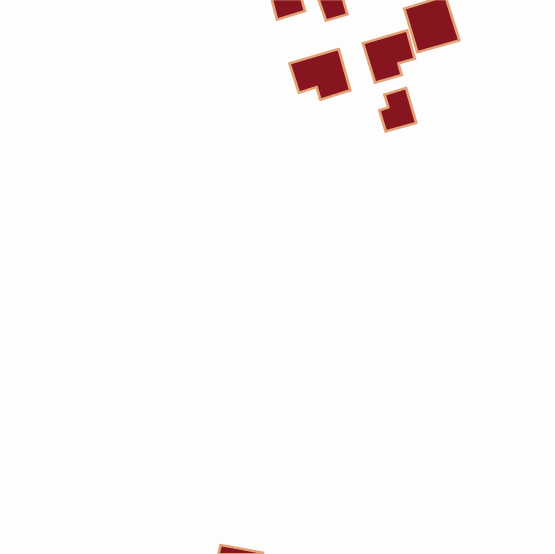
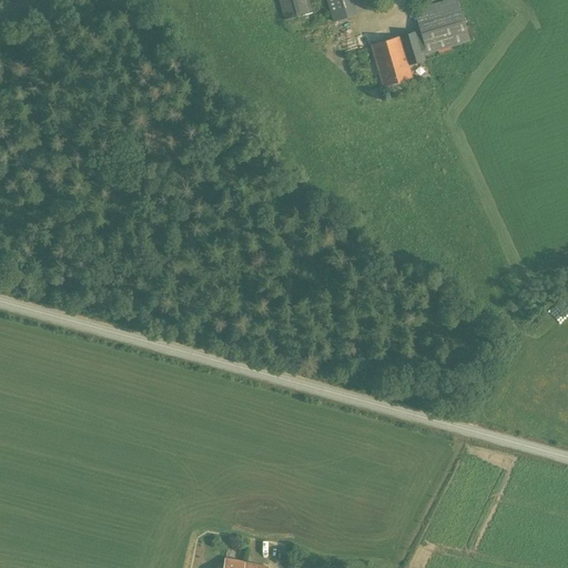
building: [290,49,350,100] -> none
building: [379,88,416,132] -> none

